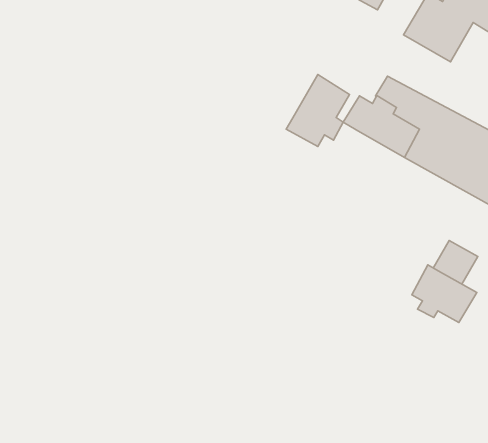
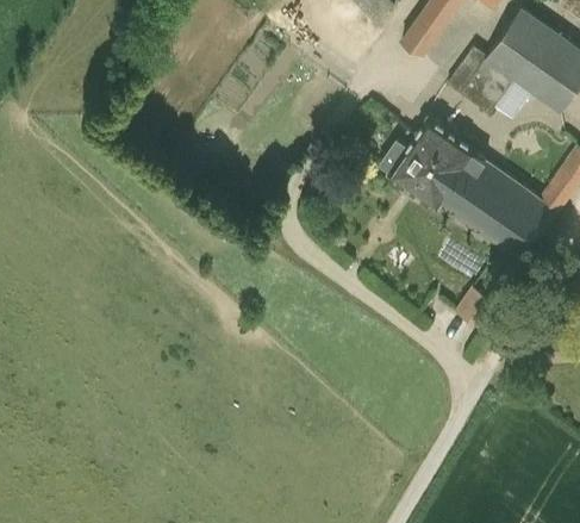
building: [286,75,350,147] -> none
building: [412,265,477,323] -> none

